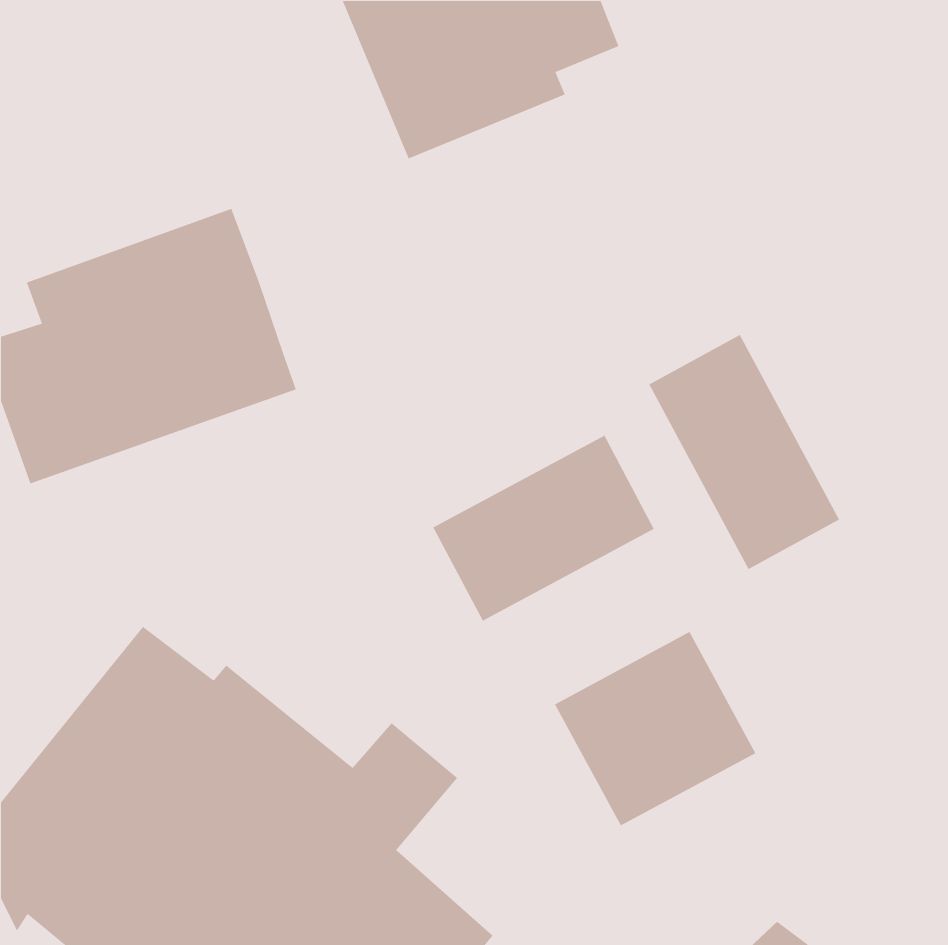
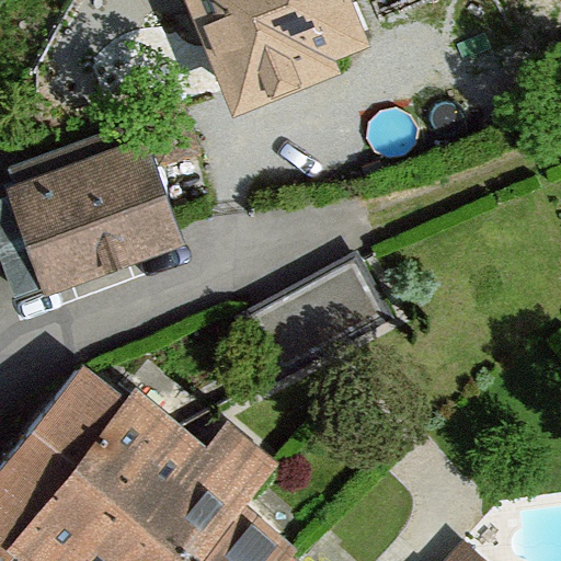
building: [648,334,840,570] -> none
building: [554,631,756,827] -> none

